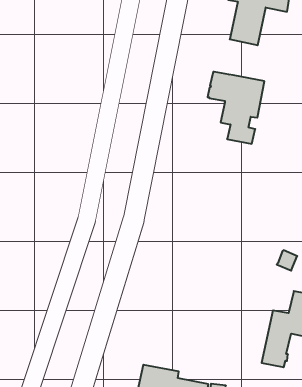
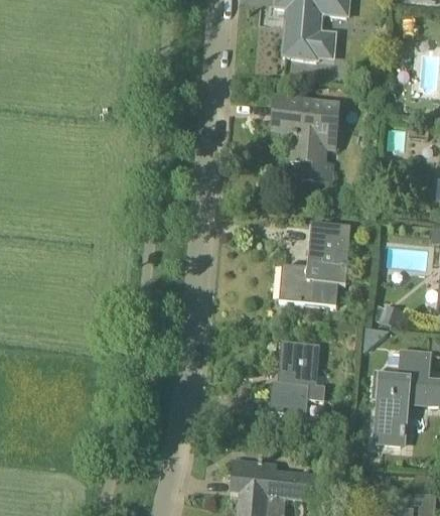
building: none -> [279,221,350,303]
building: none -> [269,340,319,414]

